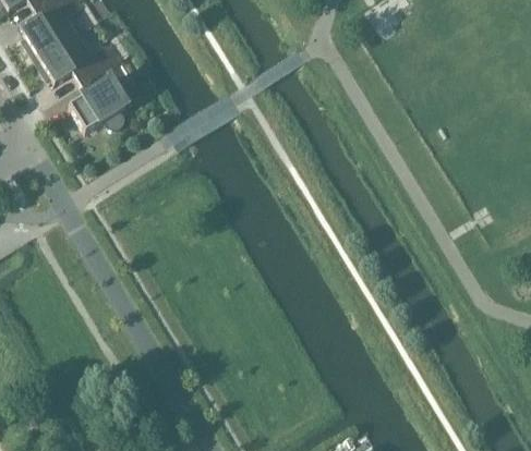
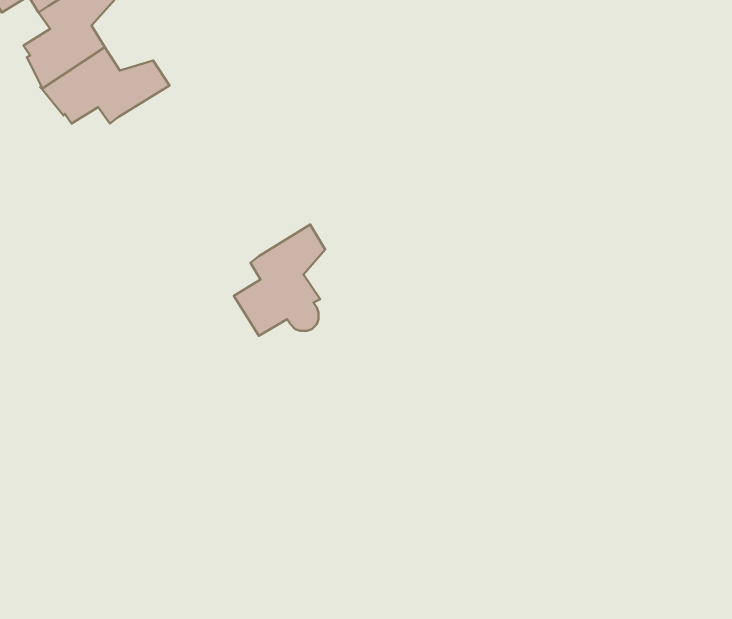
building: [71,61,131,134] -> [234,225,325,336]

